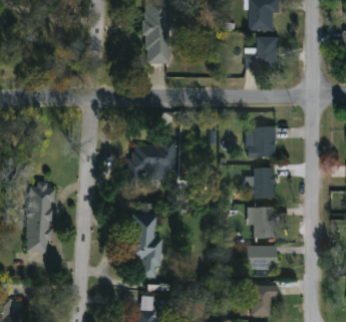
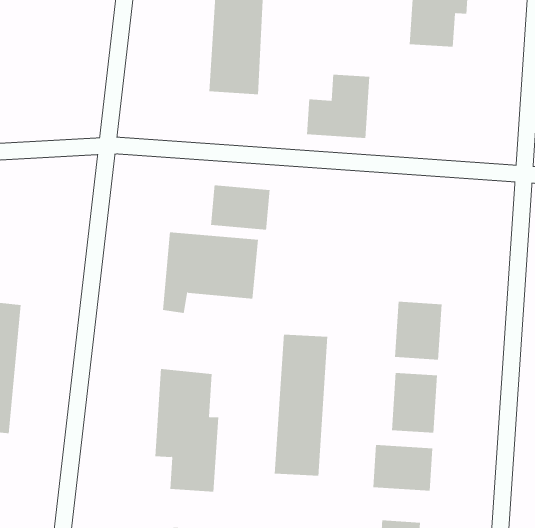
building: [246,36,278,69] -> [306,74,370,138]
building: none -> [211,184,270,231]
building: [250,127,277,158] -> none
building: none -> [274,334,328,476]

